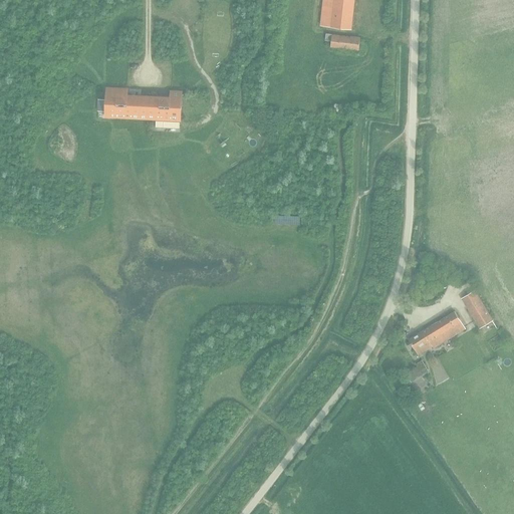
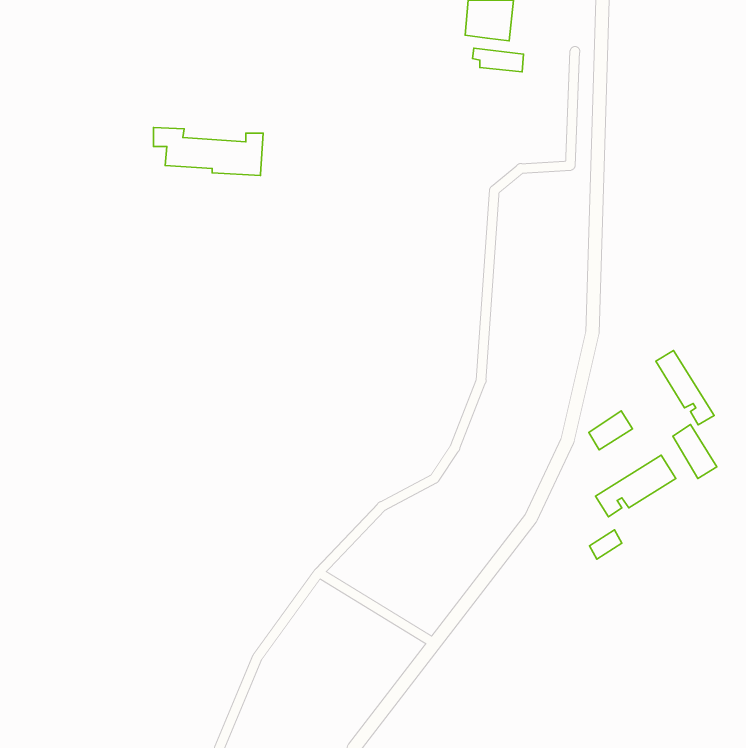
building: none -> [656,350,714,425]
building: none -> [589,411,632,450]

